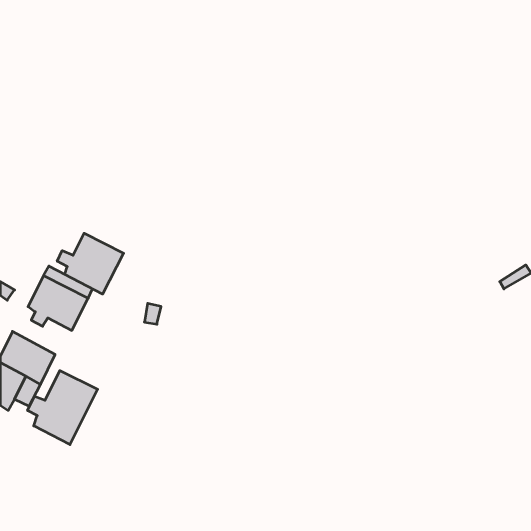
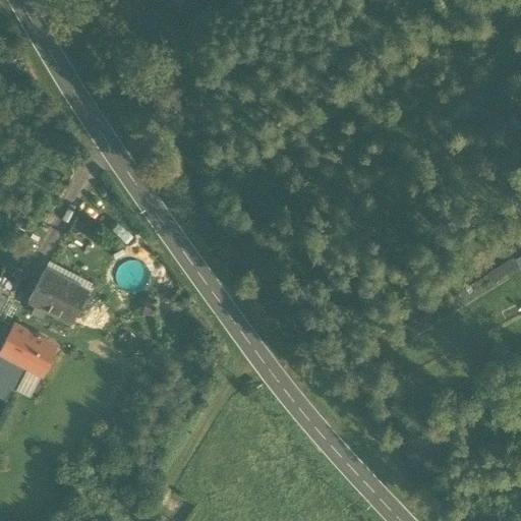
building: [57,233,124,294] -> none
building: [28,371,98,445] -> none

